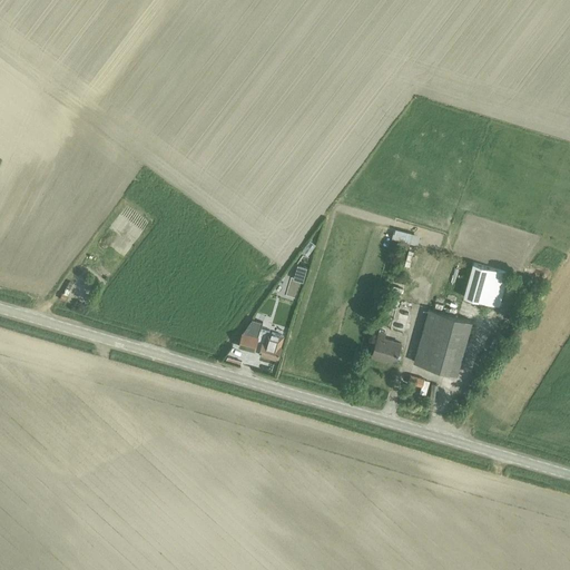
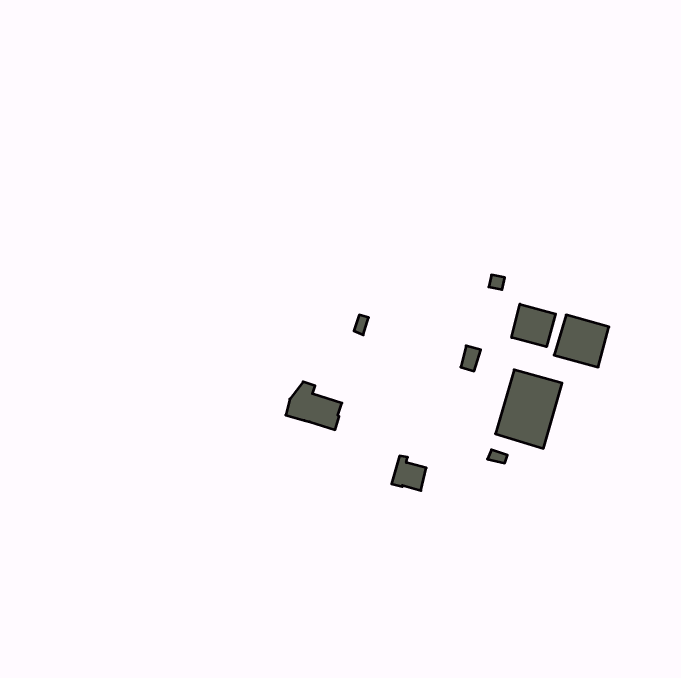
building: none -> [512,304,556,347]
building: [371,336,400,365] -> [392,456,426,491]

